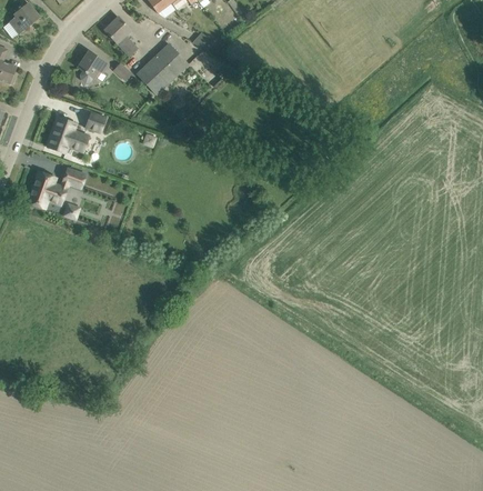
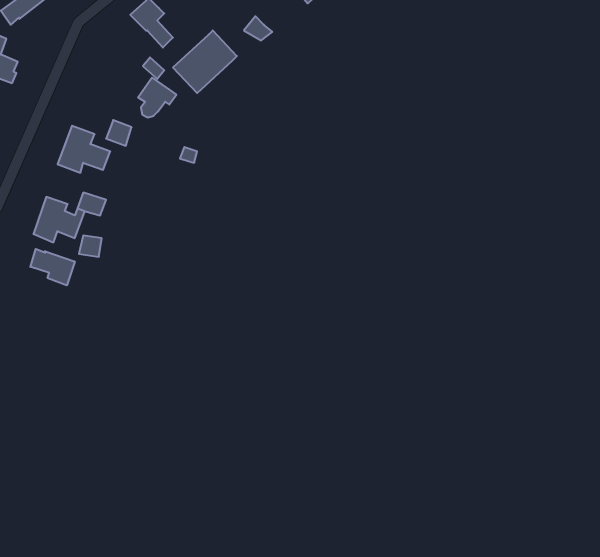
building: [78,51,108,82] -> [138,78,176,117]
building: none -> [30,249,75,285]

